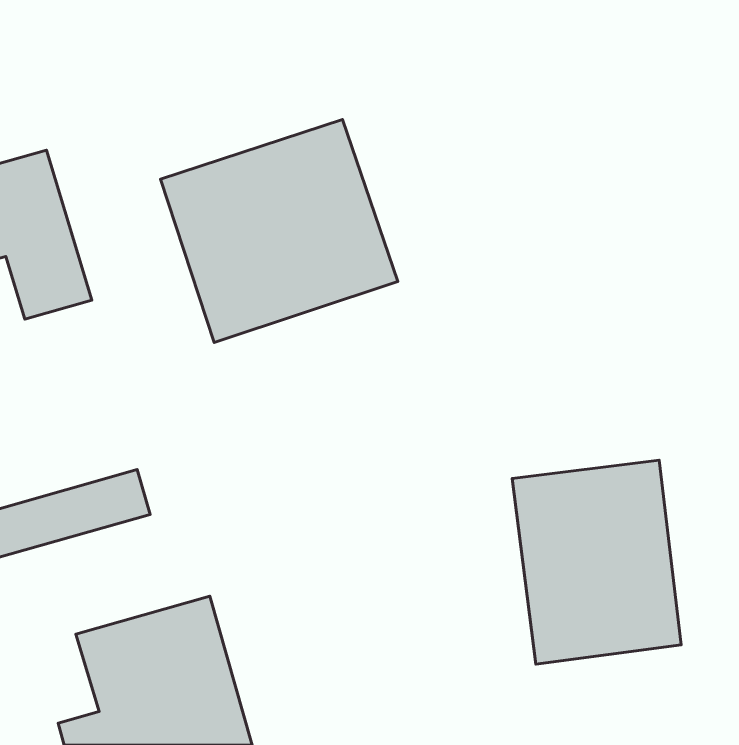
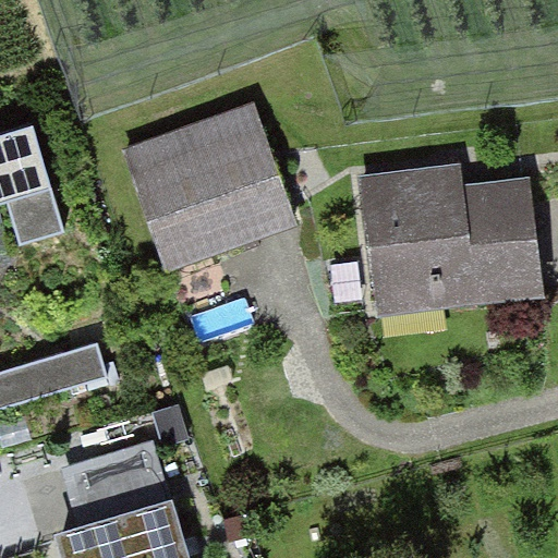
building: none -> [351,171,533,328]
building: [512,460,681,664] -> none

